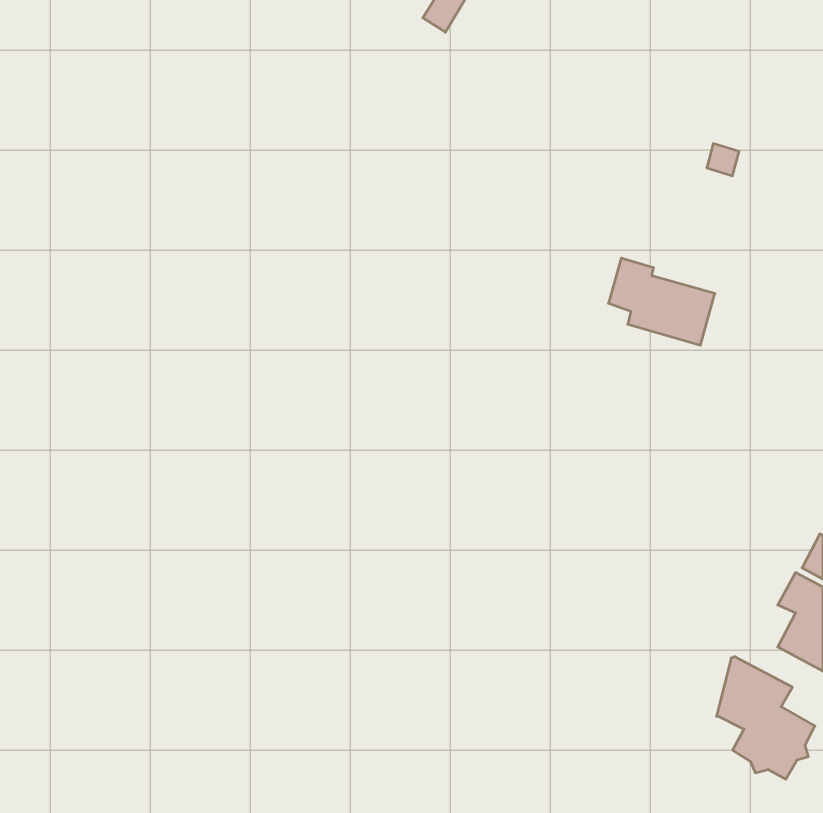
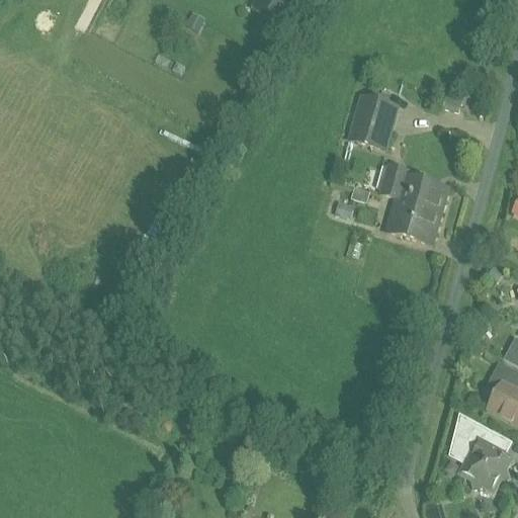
building: none -> [347,91,401,149]
building: none -> [386,203,439,242]

